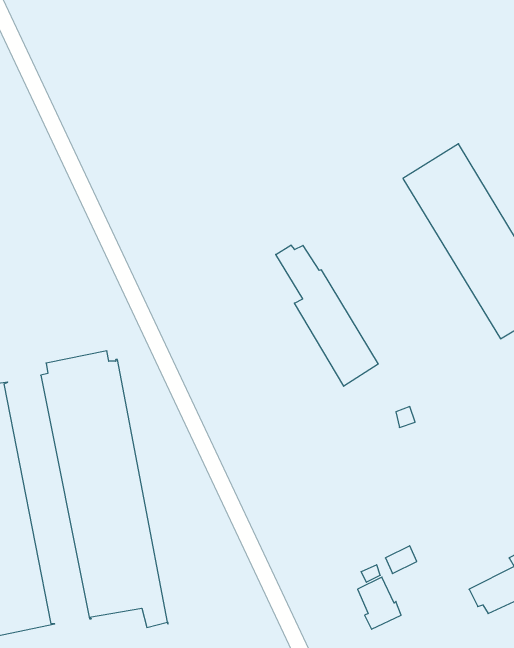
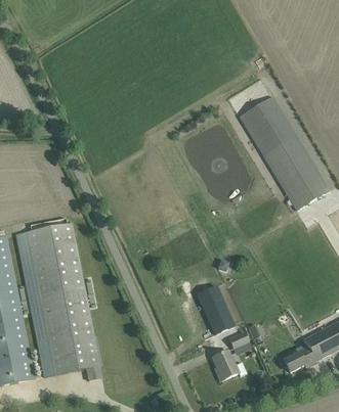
building: [276,245,378,386] -> none
building: none -> [197,287,234,335]

